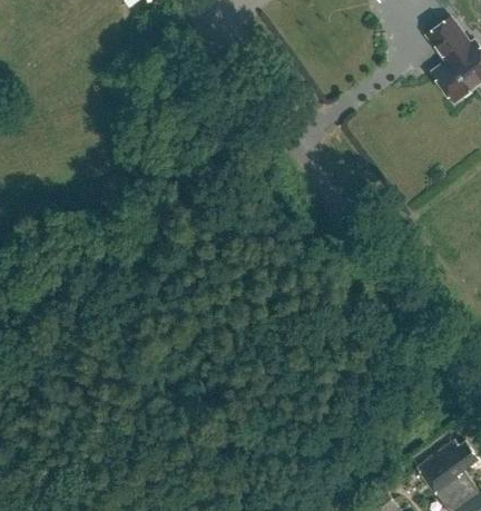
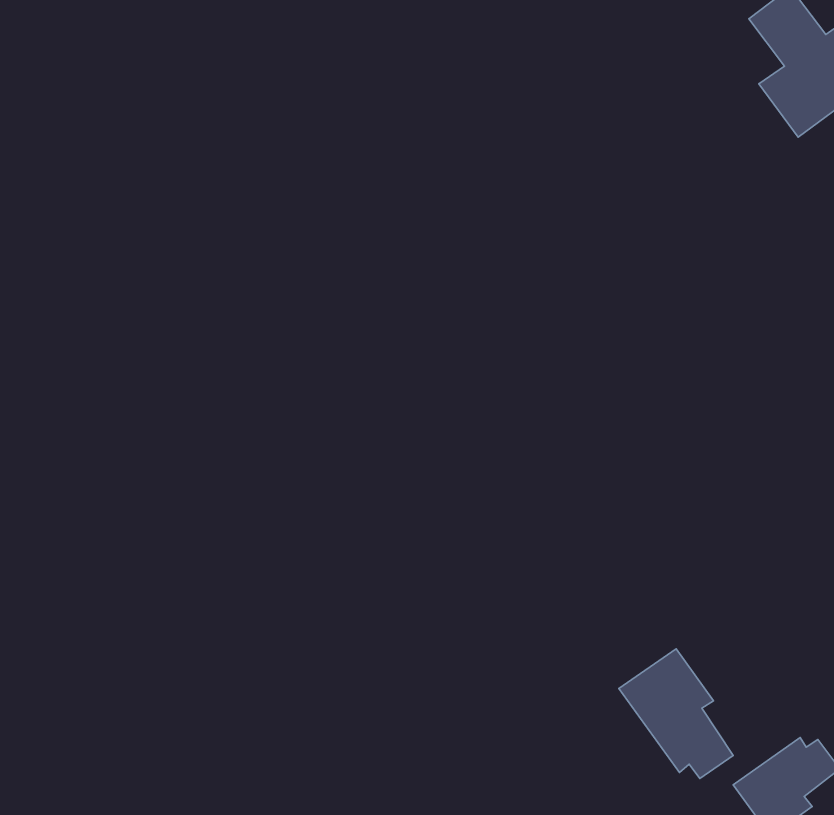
building: none -> [619,649,733,778]

